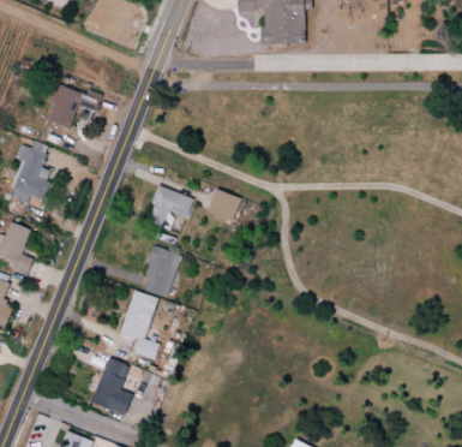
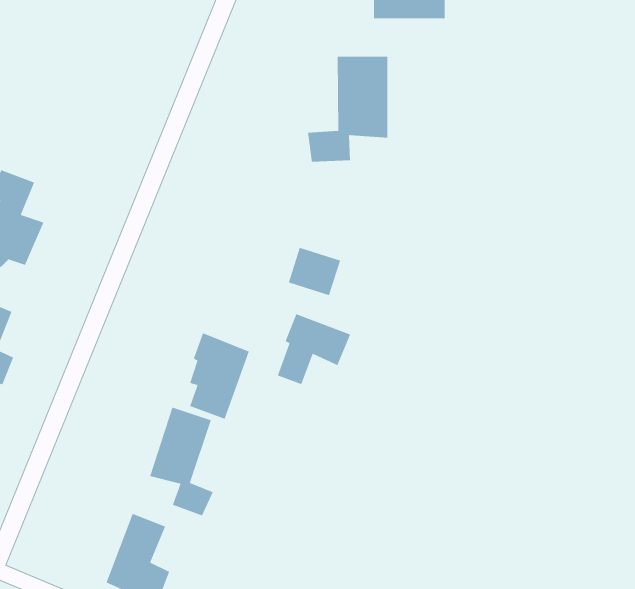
building: none -> [307,56,388,162]
building: [44,84,97,130] -> none
building: [146,185,193,231] -> [277,313,351,385]

